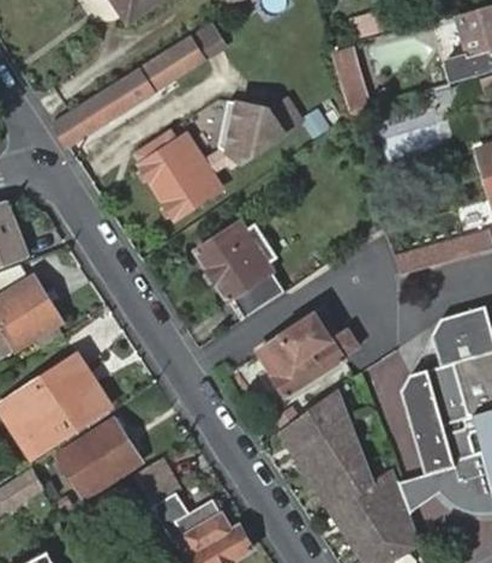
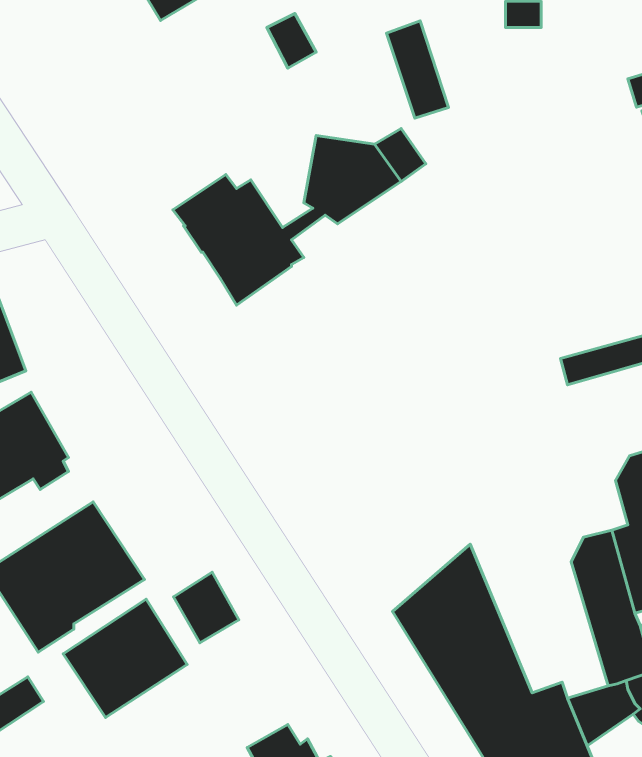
building: [55,40,203,143] -> none
building: [330,43,372,109] -> [386,21,448,118]
building: [196,220,286,318] -> none
building: [258,306,359,397] -> none
building: [136,456,180,504] -> [173,572,239,643]

